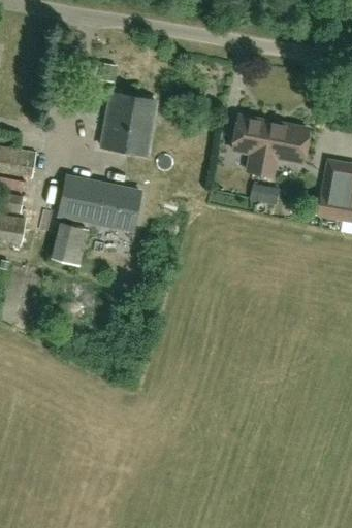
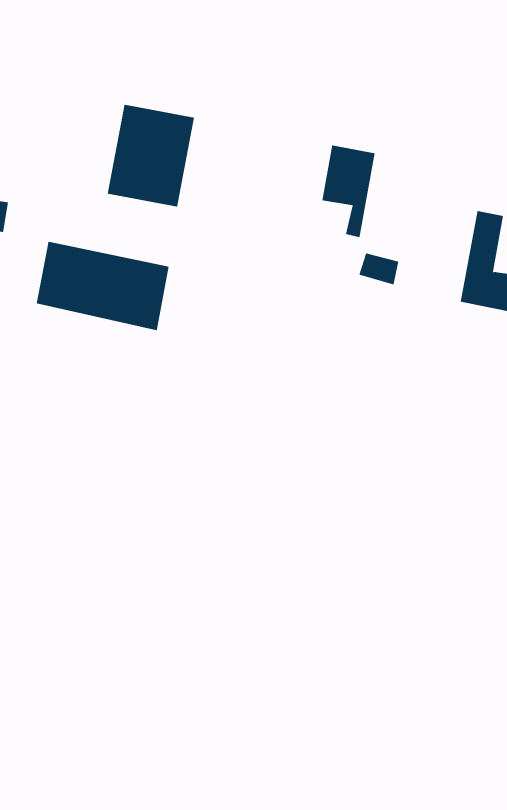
building: [257,122,309,175] -> none
building: [51,224,87,264] -> none

